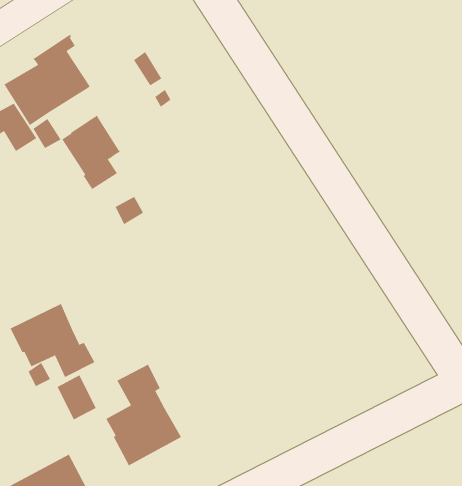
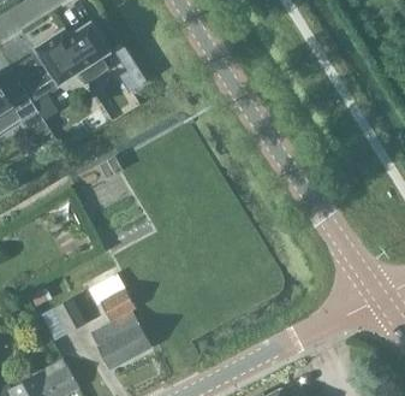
building: [61,115,121,190] -> [62,24,109,83]
building: [10,303,95,378] -> none

